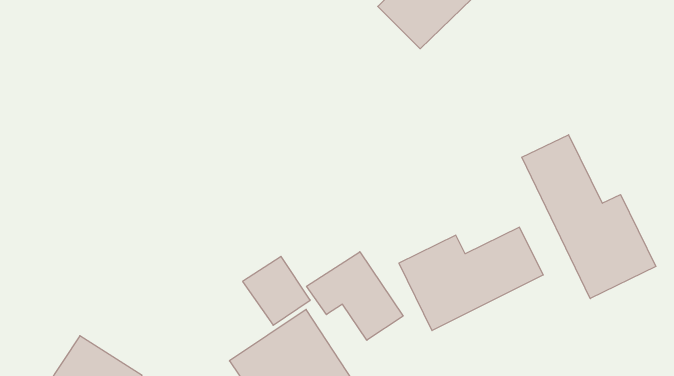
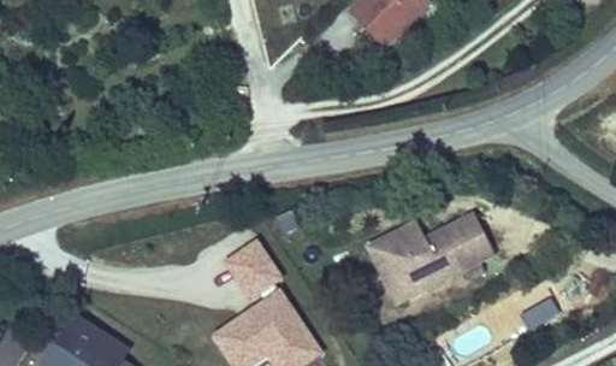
building: [522,135,656,299] -> none
building: [307,252,403,340] -> none

